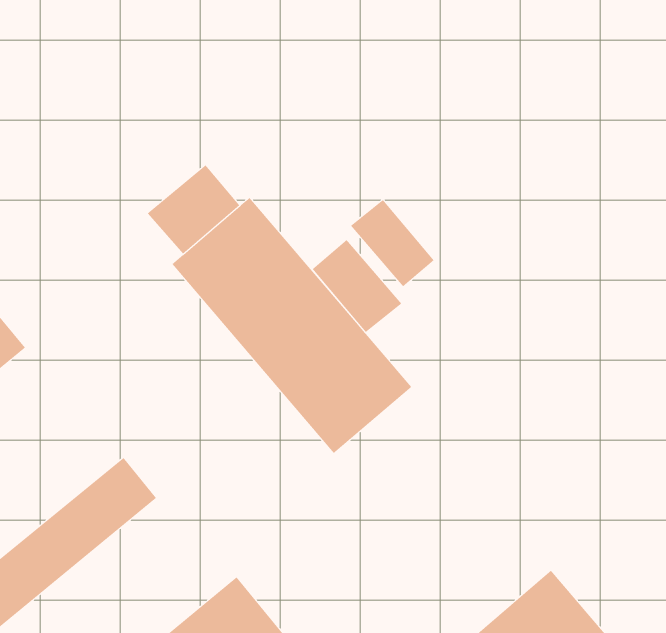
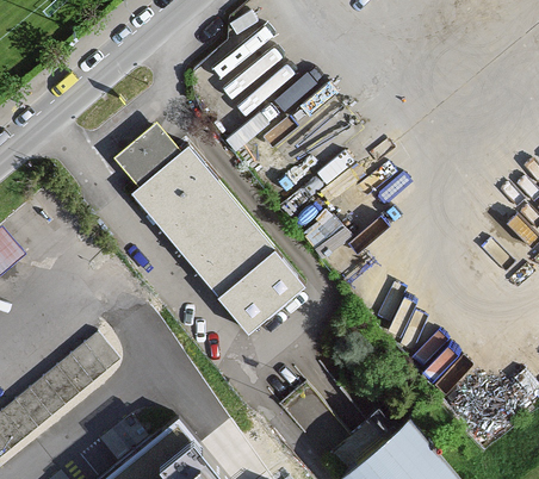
building: [350,199,434,287] -> none
building: [312,239,402,333] -> none

